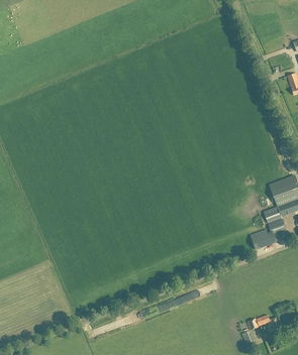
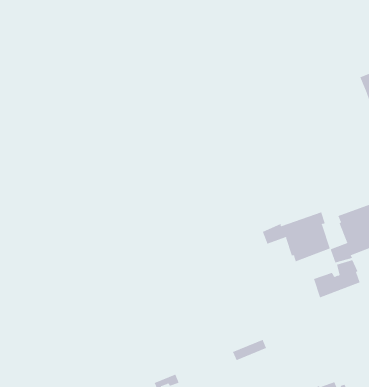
building: none -> [262,212,331,262]

